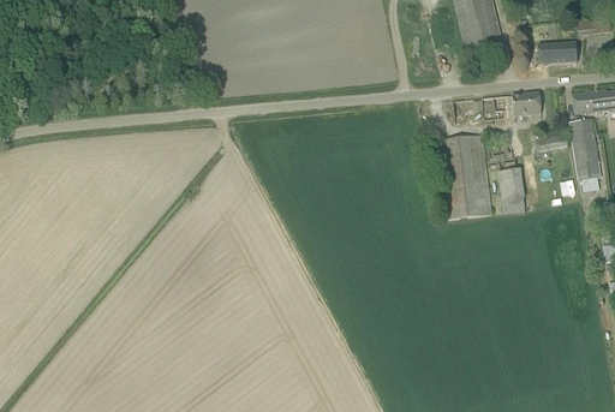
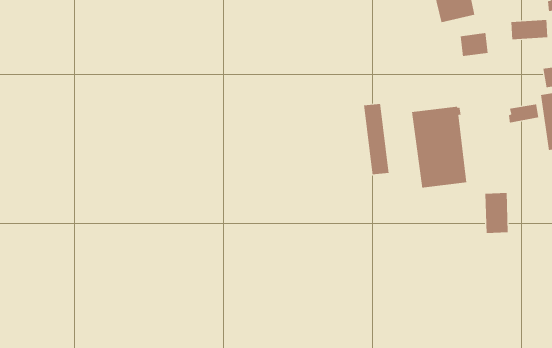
building: [512,91,542,117] -> [460,33,489,57]
building: none -> [364,103,389,175]
building: [500,168,525,211] -> [485,192,509,234]

